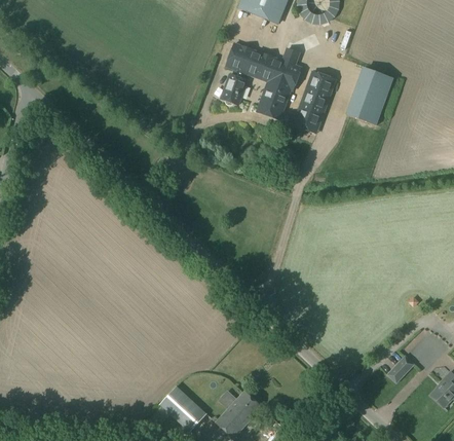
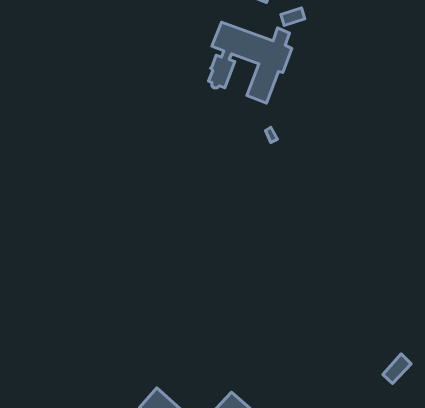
building: [296,72,335,133] -> none
building: [346,75,389,124] -> none

